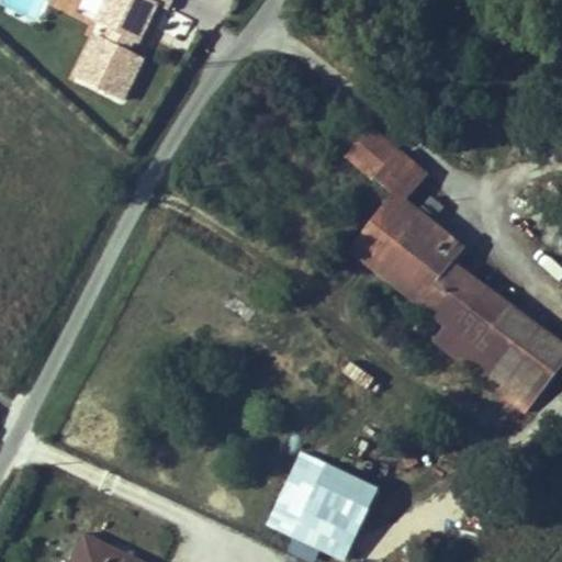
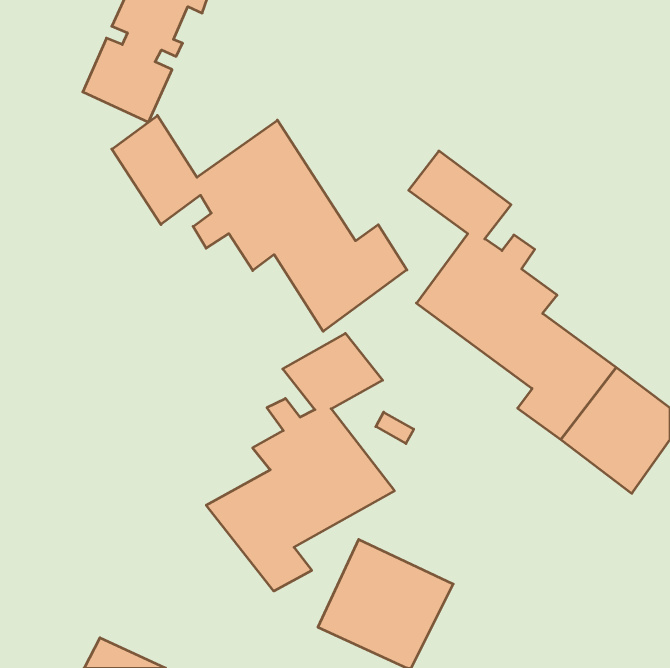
building: none -> [112,115,407,331]
building: none -> [206,333,394,591]

